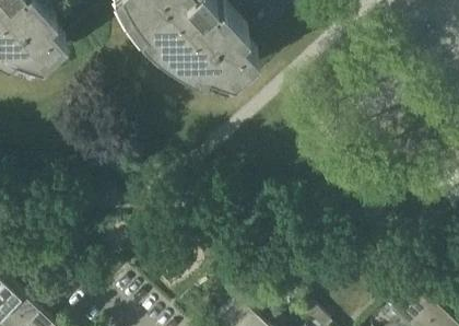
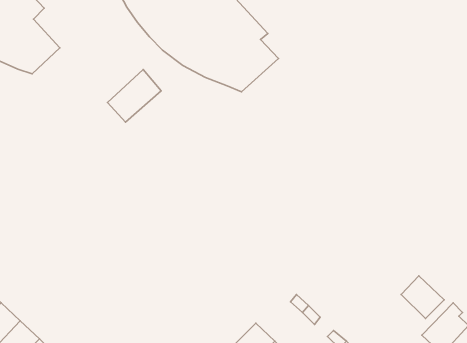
building: none -> [107,70,161,122]
building: none -> [401,276,444,318]

